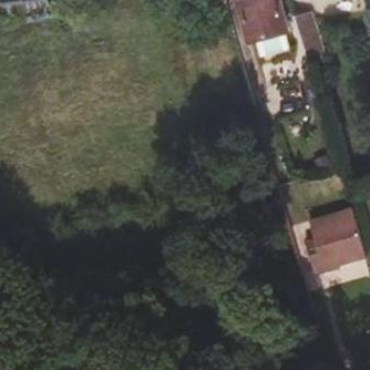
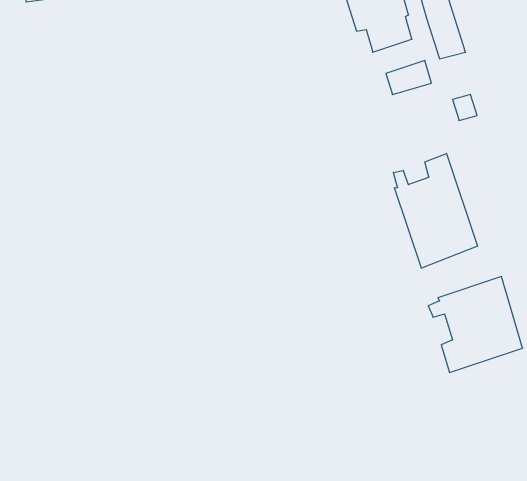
building: none -> [393,153,477,268]

